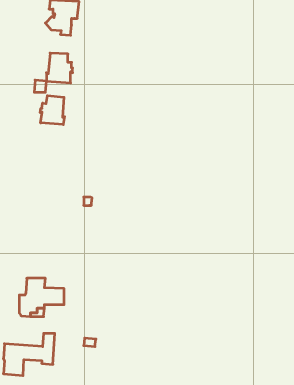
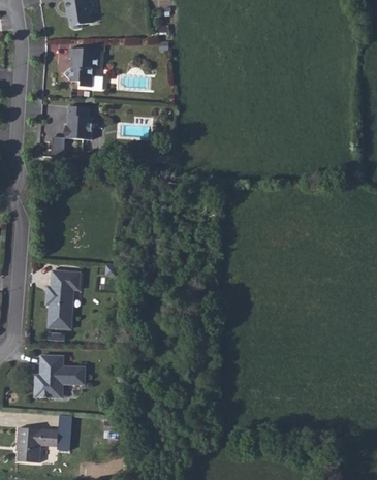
building: [40,96,65,125] -> none
building: none -> [45,270,81,328]

